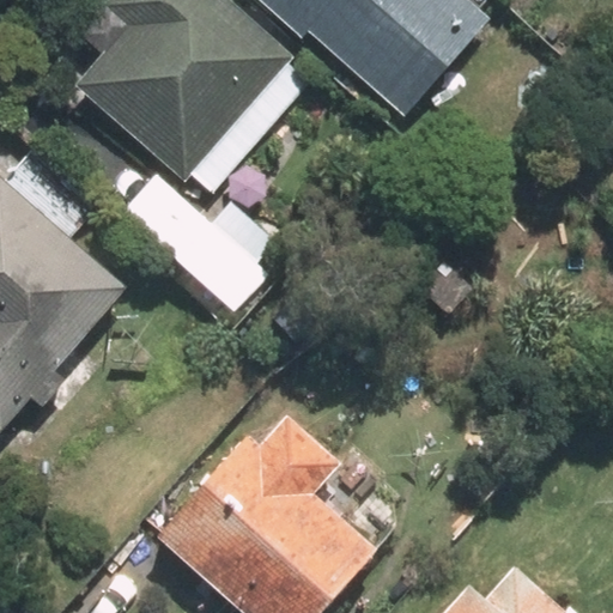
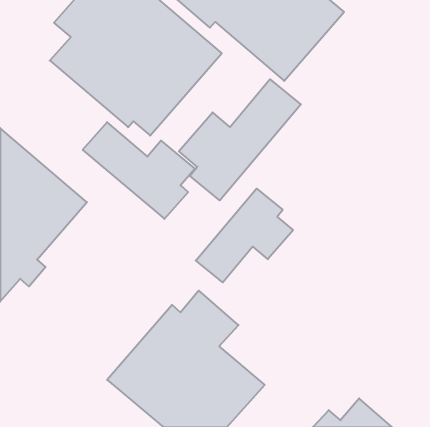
building: none -> [179,79,301,200]
building: none -> [196,189,293,282]

